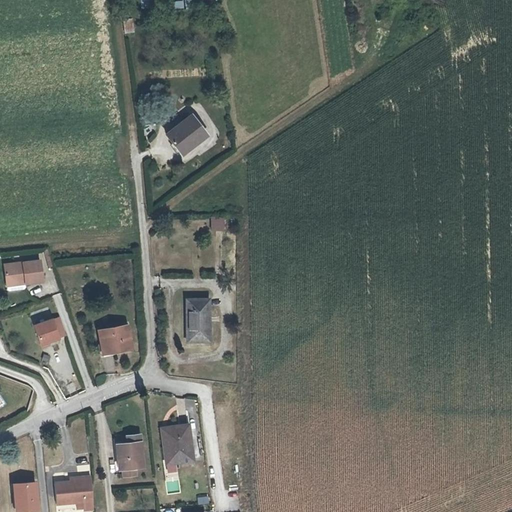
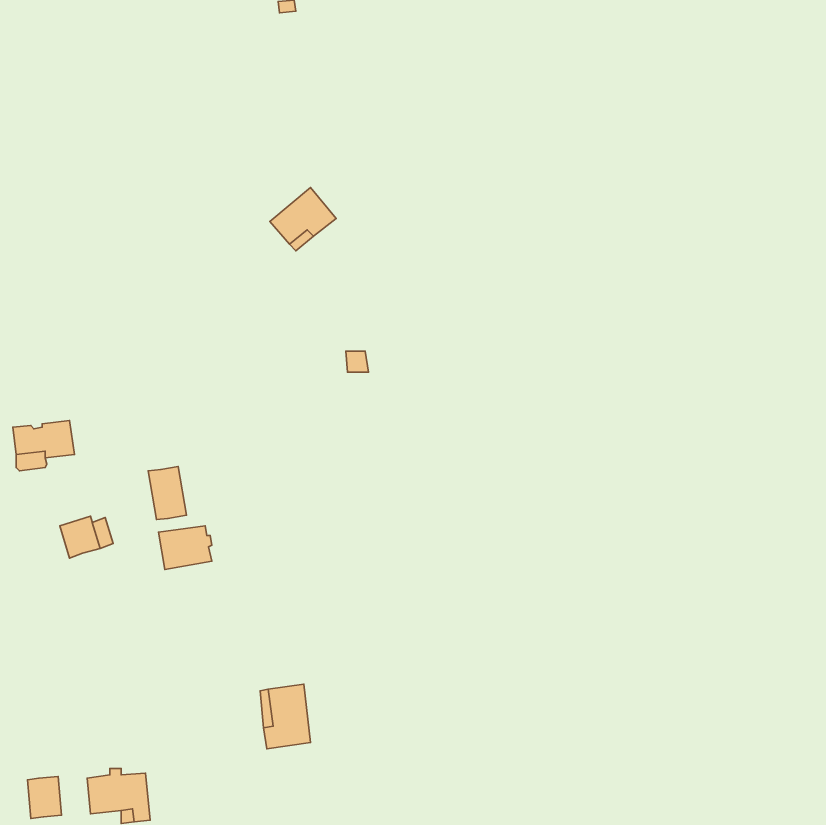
building: none -> [148,467,186,519]
building: [185,301,208,343] -> none
building: [116,433,142,474] -> none

